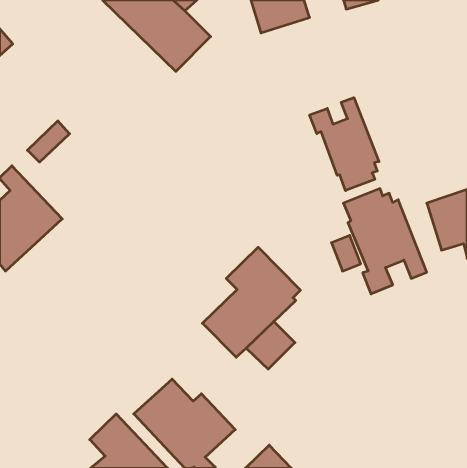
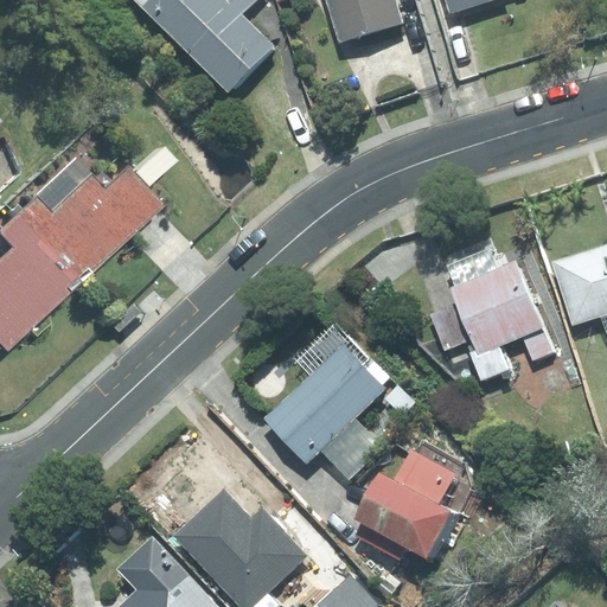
building: [310,98,379,191] -> none
building: none -> [15,170,162,283]
building: none -> [354,442,473,558]

